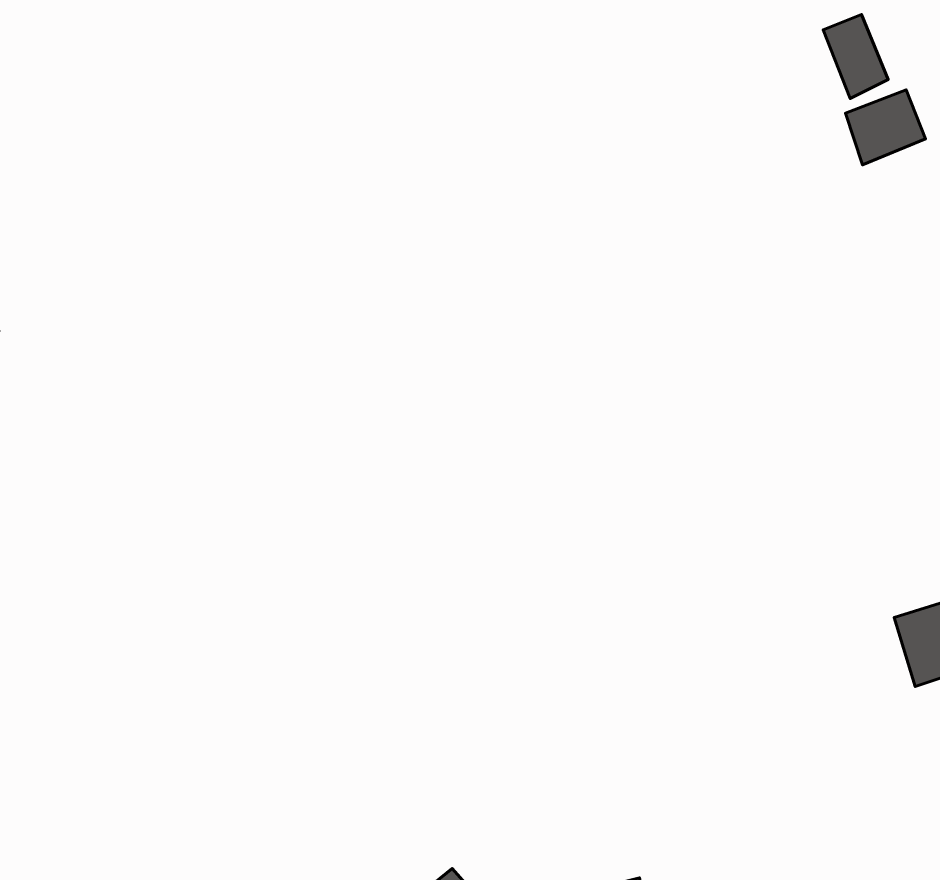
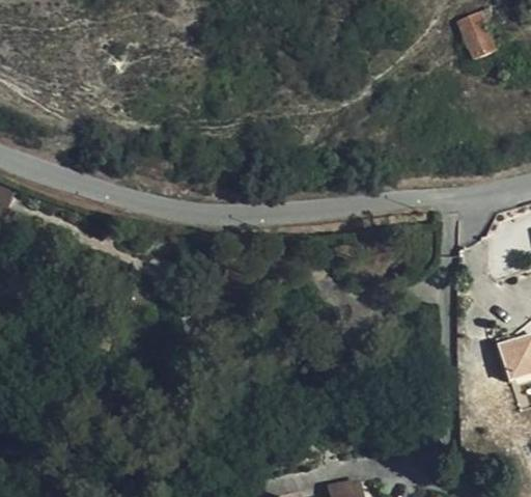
building: [845,90,926,165] -> none

